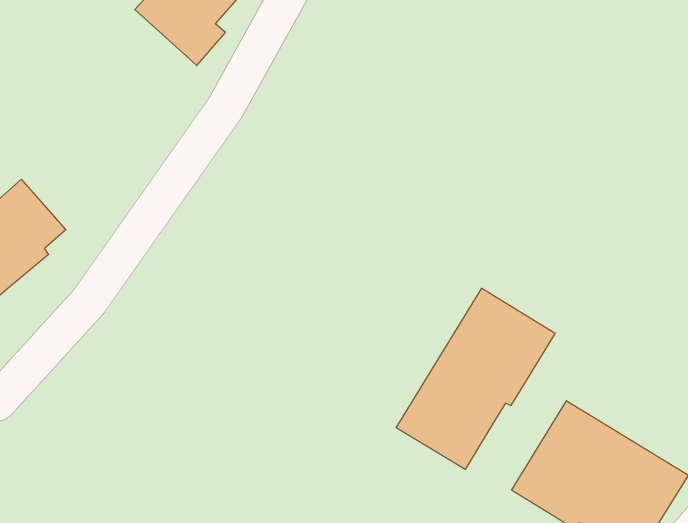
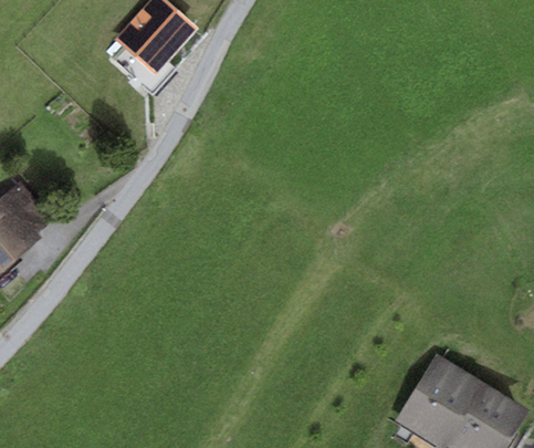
building: [396,288,555,469] -> none

